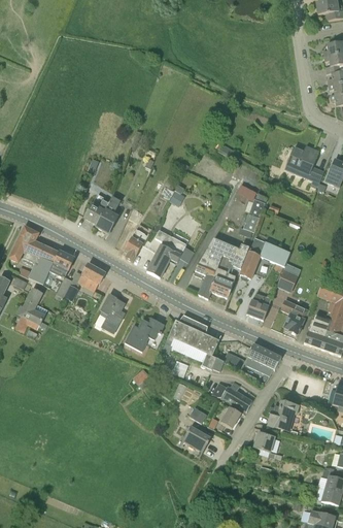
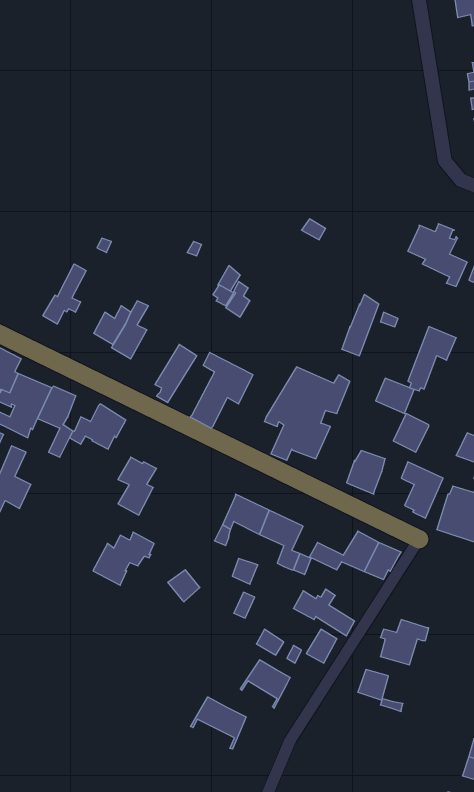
building: none -> [43,264,86,324]
building: [240,238,271,279] -> [408,327,456,391]
building: [125,317,164,351] -> [93,532,154,585]
building: none -> [191,697,246,749]

